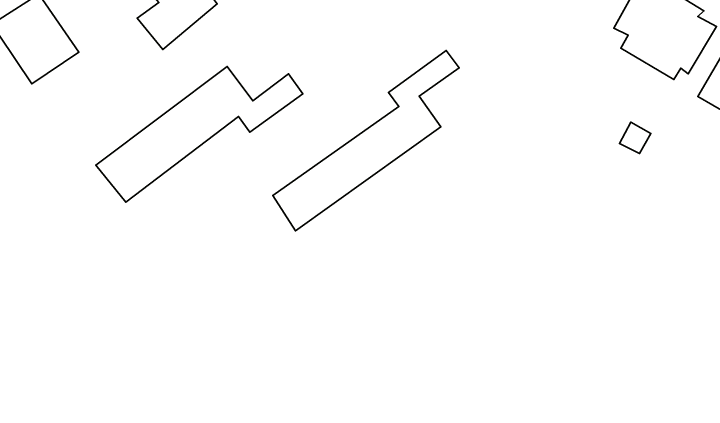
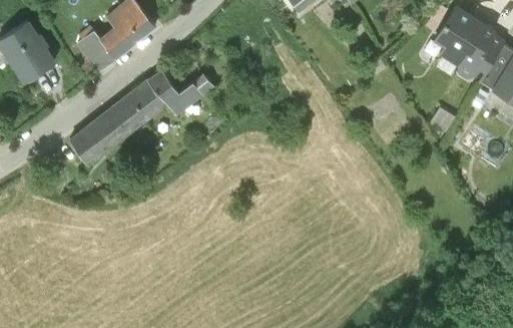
building: none -> [75,29,116,72]
building: [273,51,459,231] -> none

